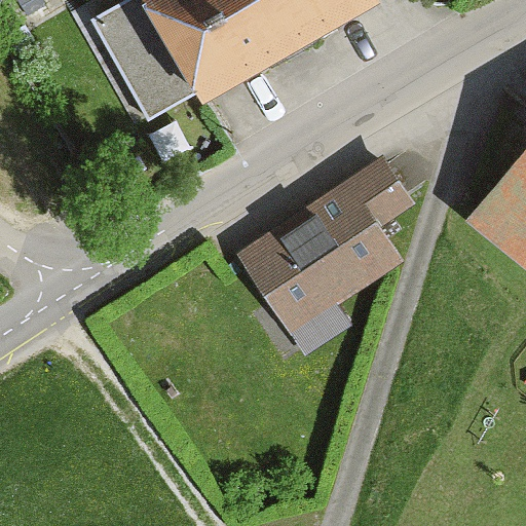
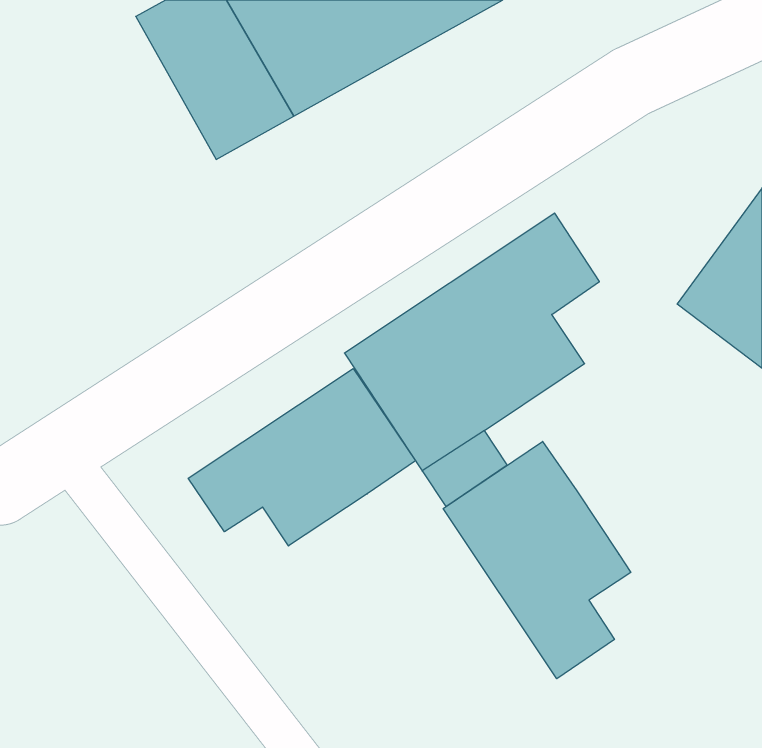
building: none -> [188,369,415,546]
building: none -> [443,441,631,679]

